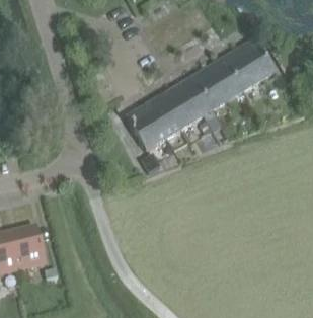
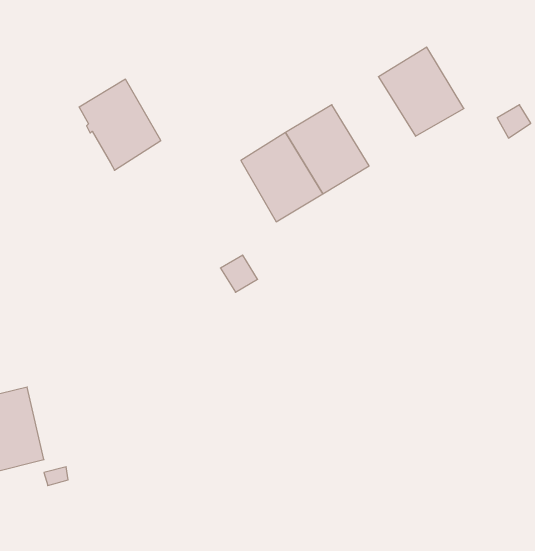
building: [200,56,245,104] -> none
building: [125,101,169,151] -> [79,79,161,170]

